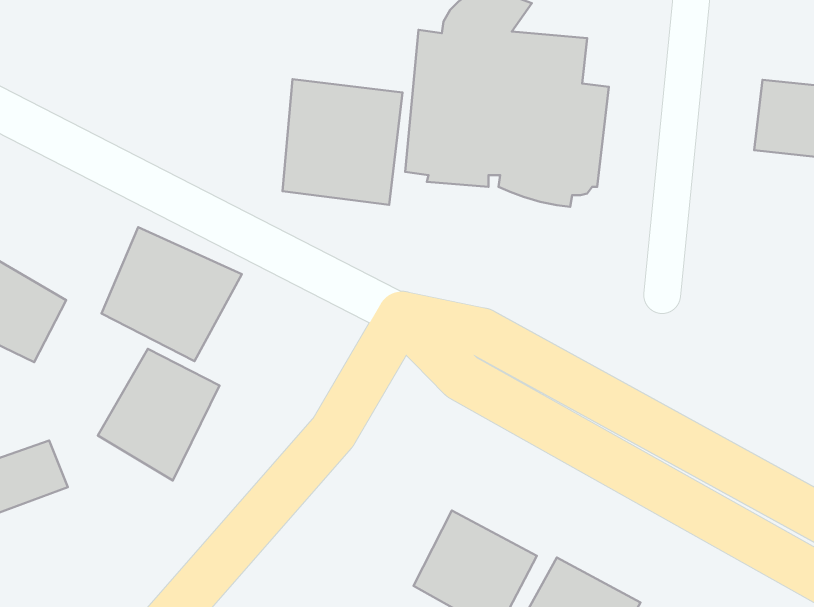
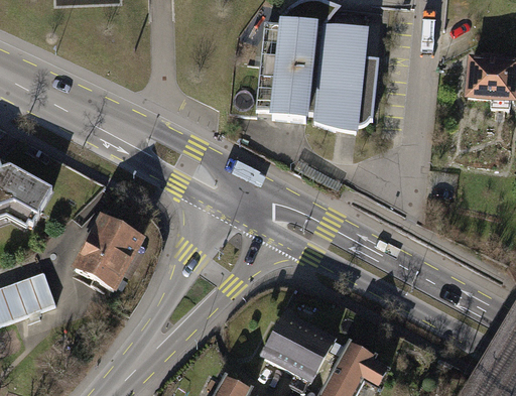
building: [282,79,402,205] -> none
building: [101,227,242,361] -> none

